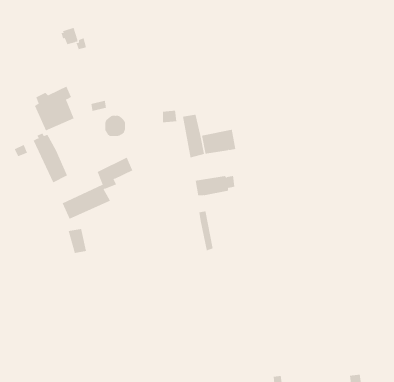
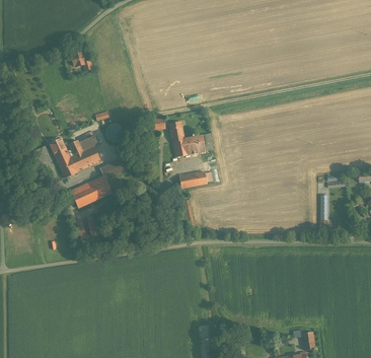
building: [34,86,74,131] -> [69,135,101,171]

